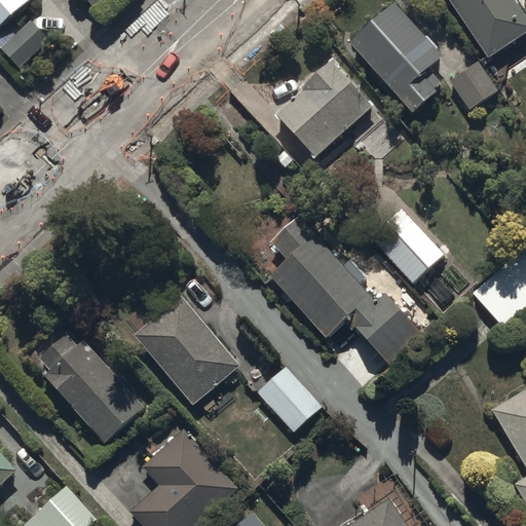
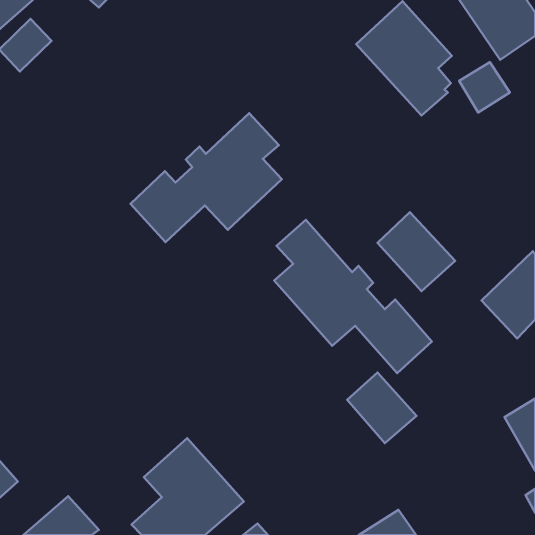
building: [274,58,372,157] -> none
building: none -> [131,113,282,242]
building: [135,295,239,404] -> none
building: [39,333,144,442] -> none
building: [255,365,323,434] -> [347,373,416,443]

